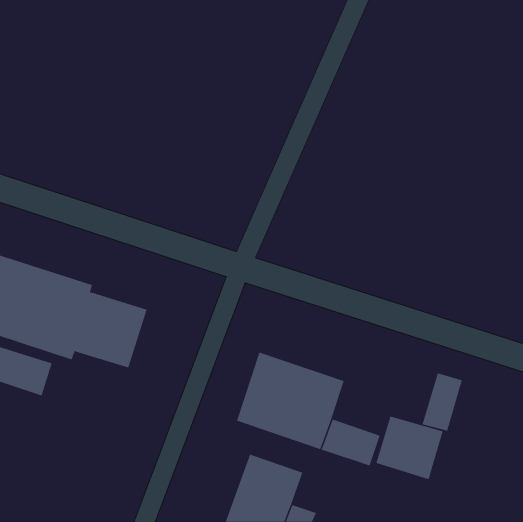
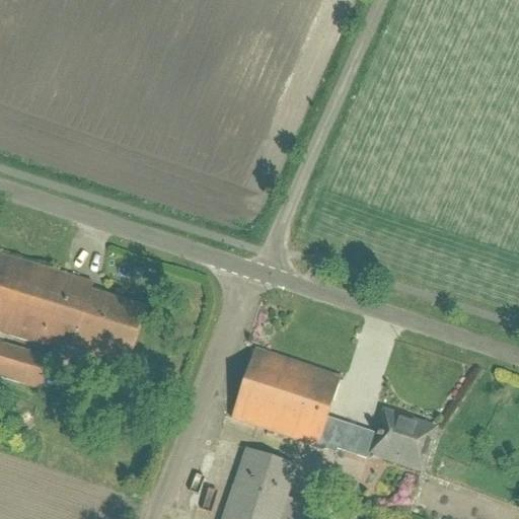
building: [422,372,463,432] -> none

